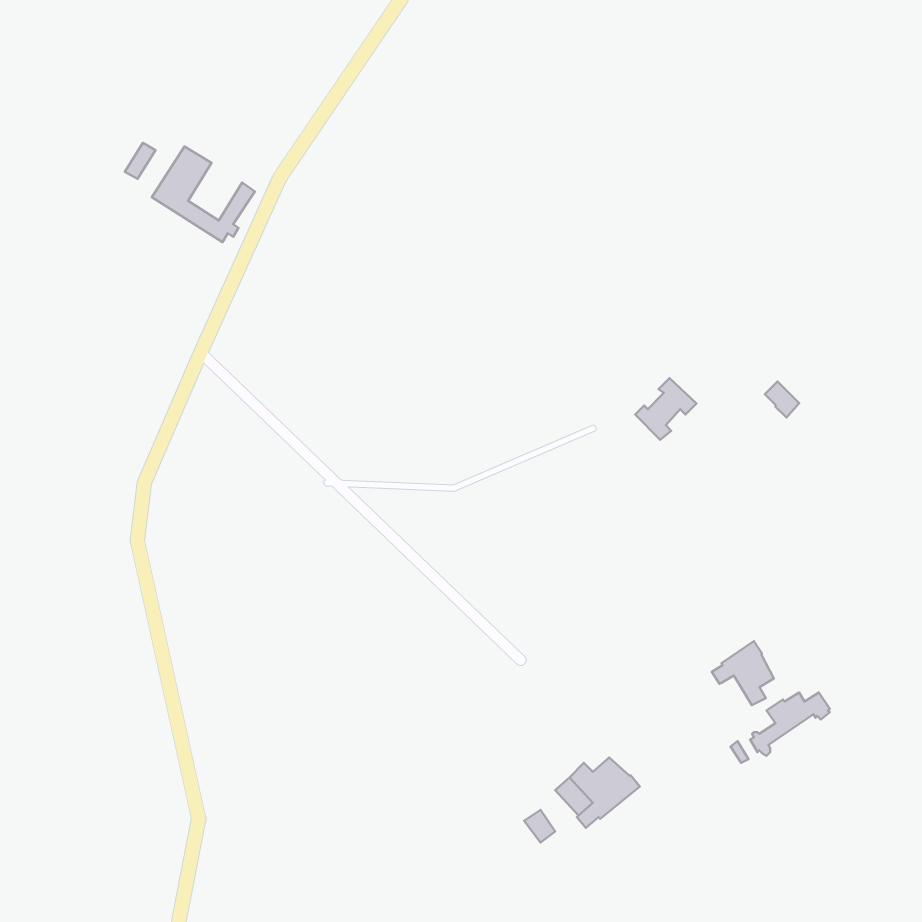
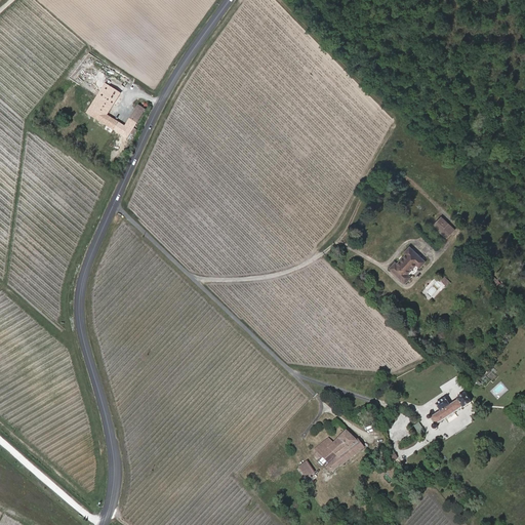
building: [635,378,696,440] -> [390,246,425,281]
building: [712,641,774,705] -> none

